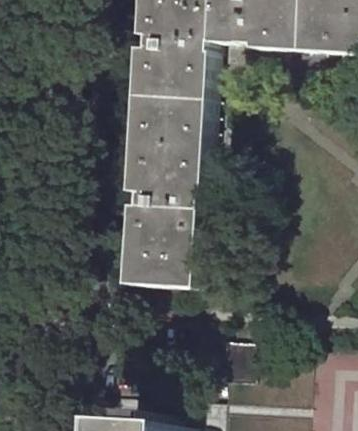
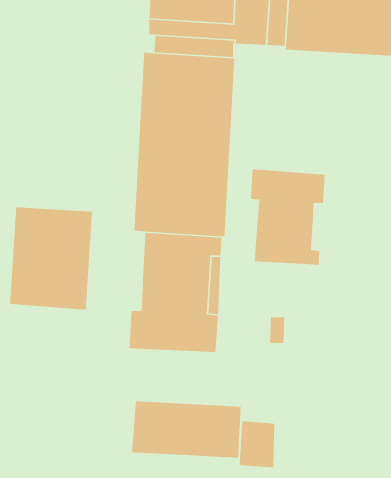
building: none -> [250,169,326,265]
building: none -> [9,206,93,311]
building: none -> [131,400,241,459]

